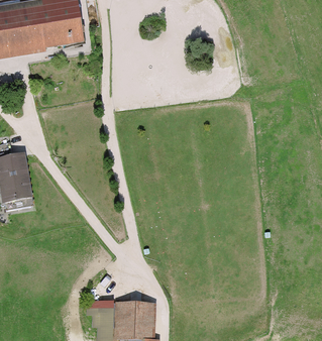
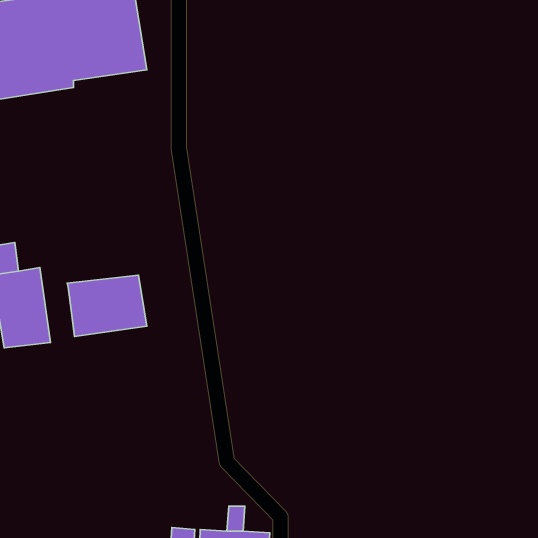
building: none -> [67,275,147,336]

